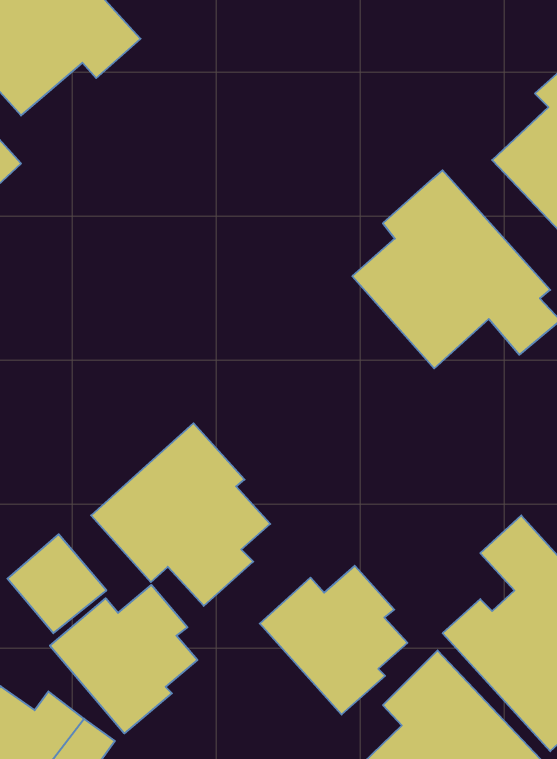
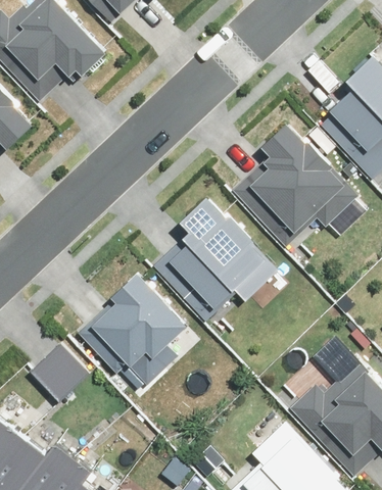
building: none -> [150,201,274,327]
building: [260,566,407,715] -> none
building: [50,585,197,733] -> none

